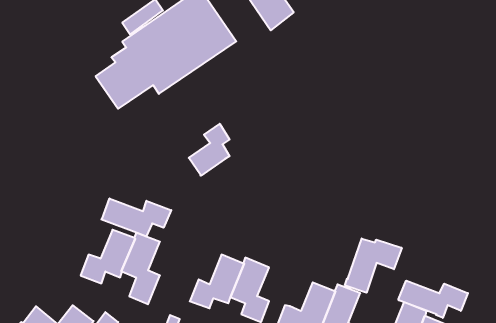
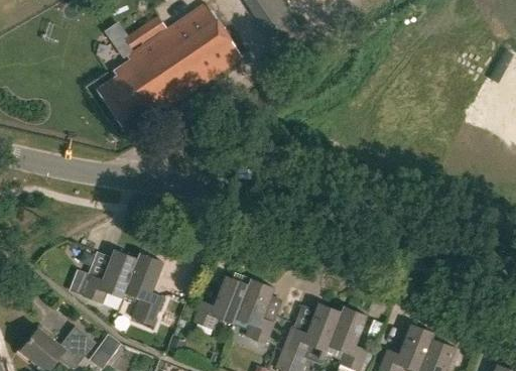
building: [189,124,230,176] -> none
building: [101,198,171,237] -> none
building: [345,238,402,293] -> none
building: [398,281,468,318] -> none

